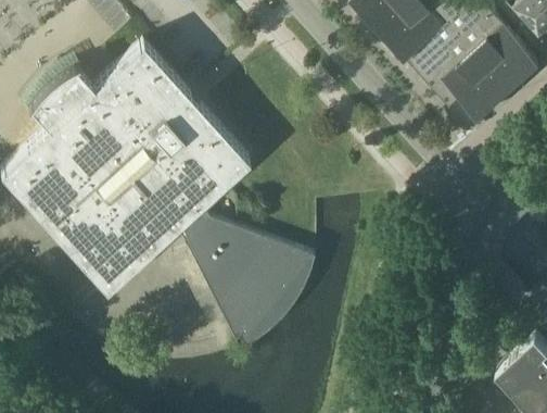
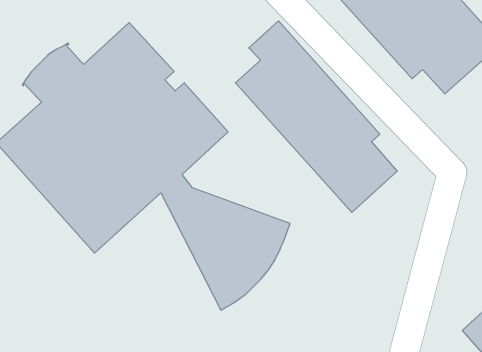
building: none -> [235,21,397,212]

